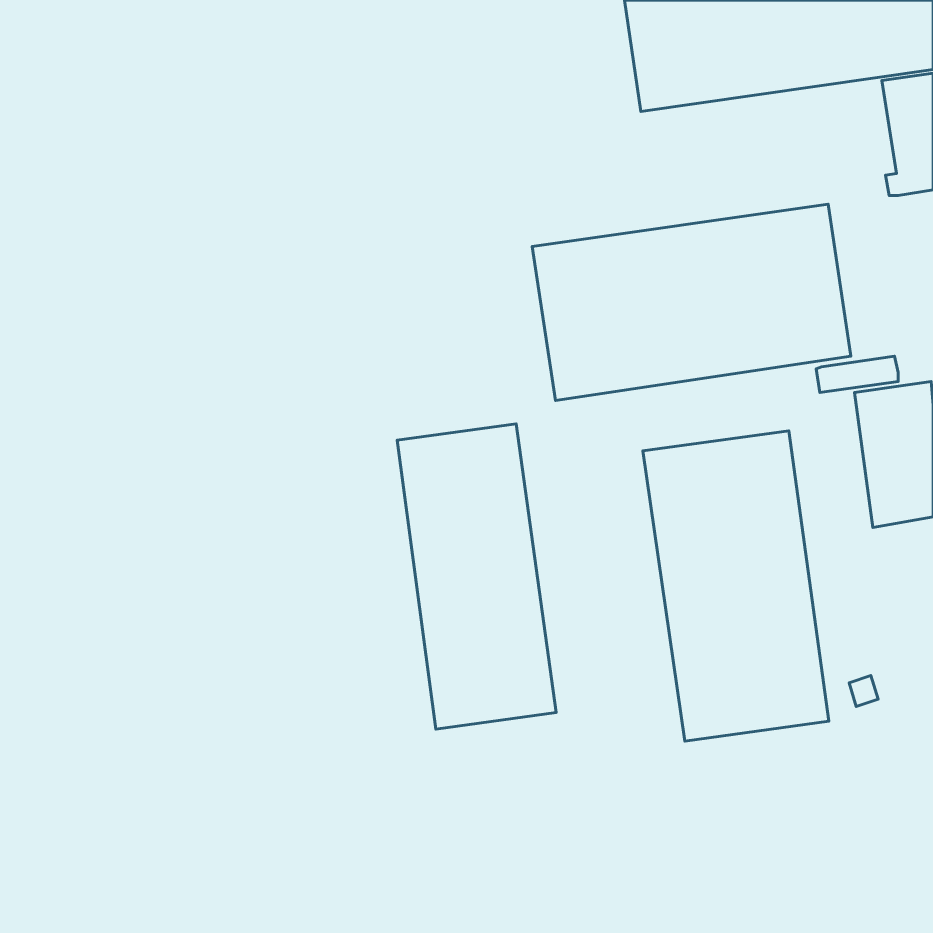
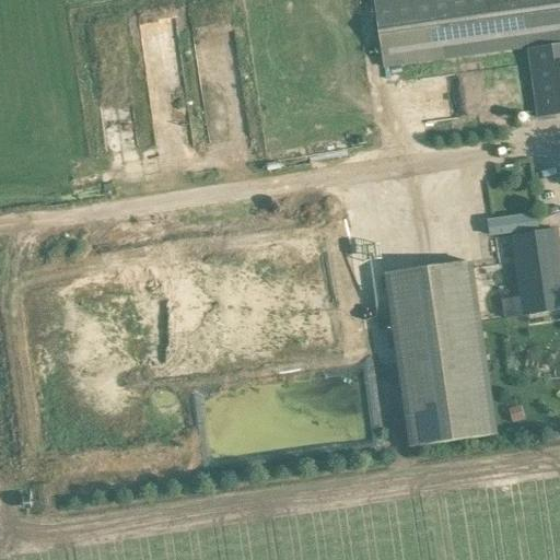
building: [532,204,851,400] -> none
building: [397,424,556,729] -> none

